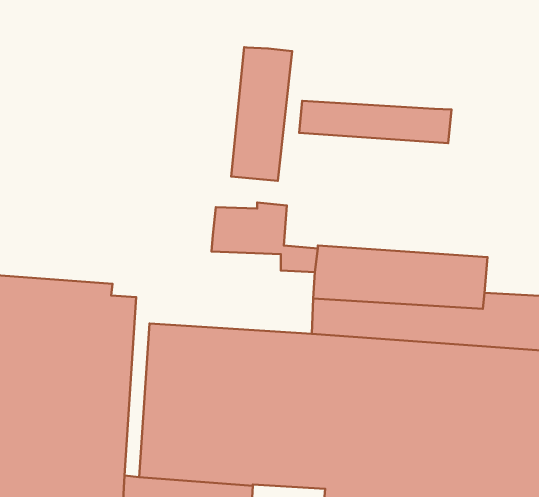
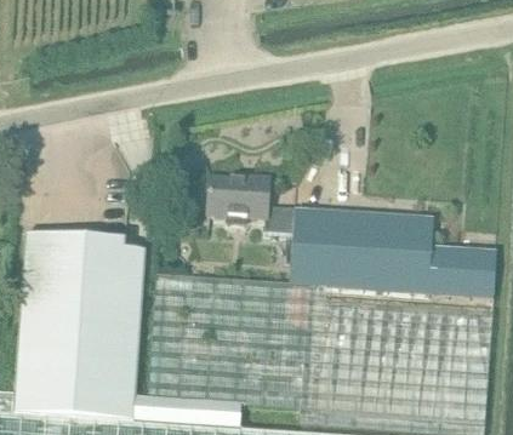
building: [231,47,292,181] -> none
building: [299,101,451,143] -> none

